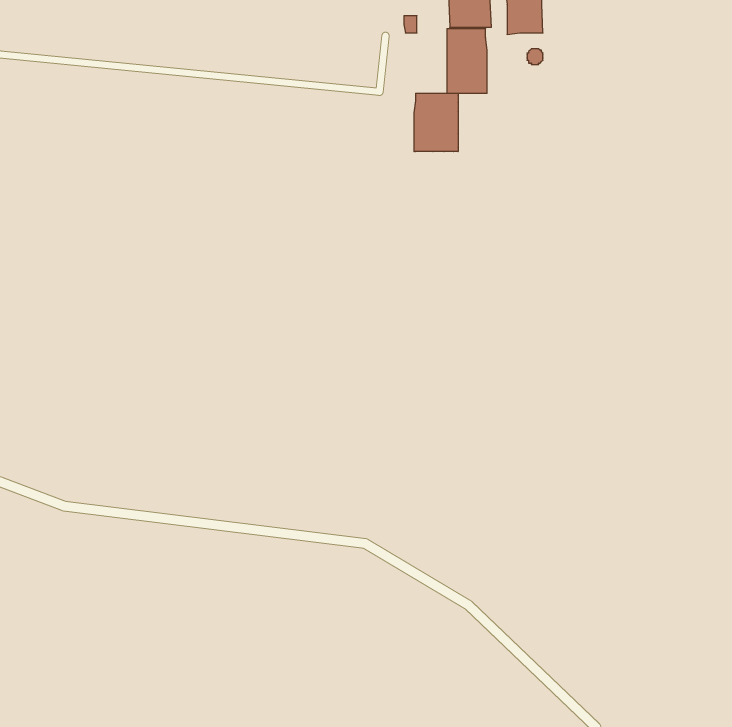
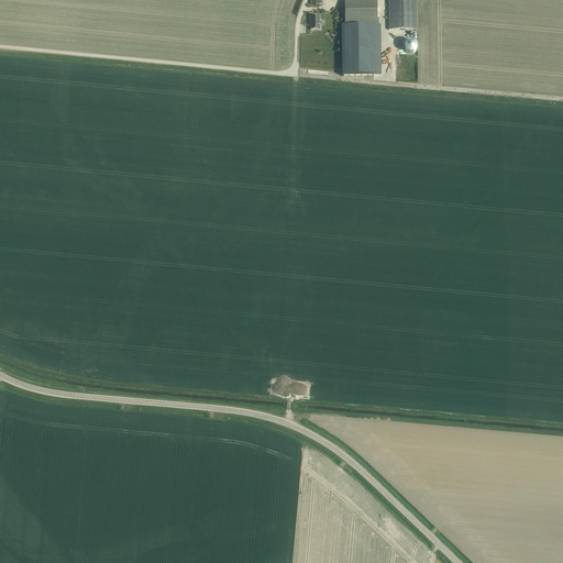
building: [414,93,458,152] -> none

